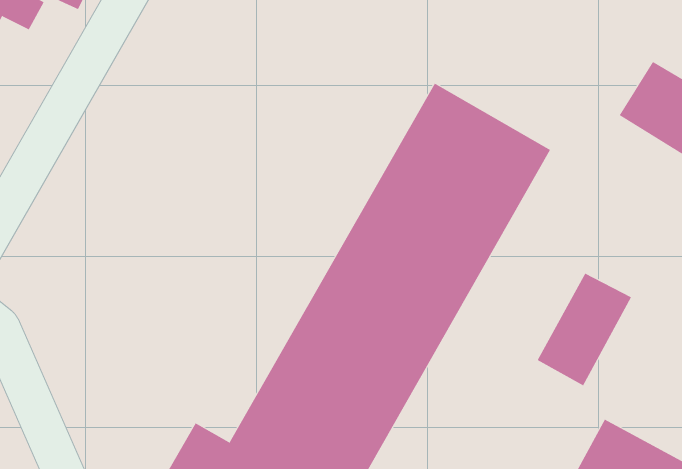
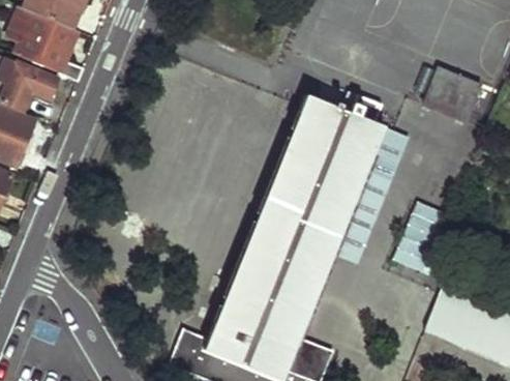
building: none -> [334,127,411,264]

